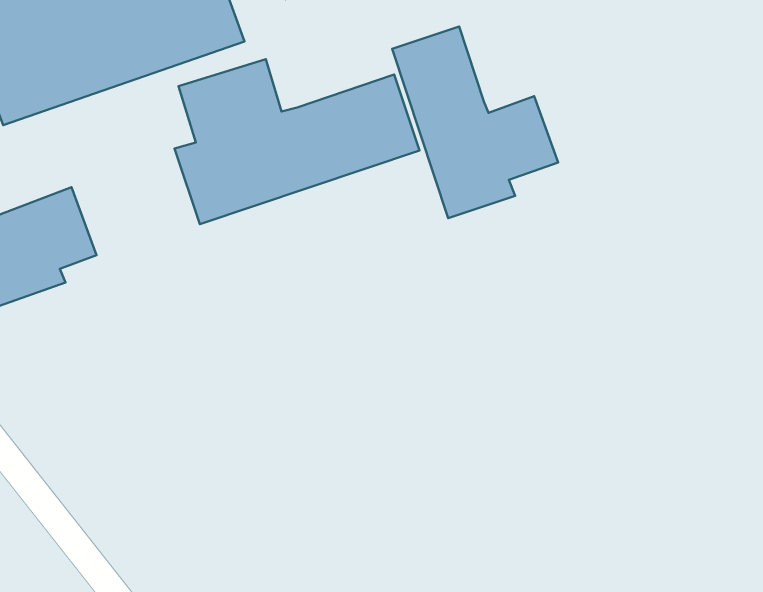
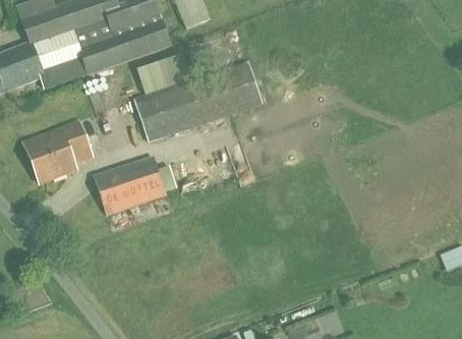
building: [392,26,558,218] -> none
building: none -> [94,155,166,213]

